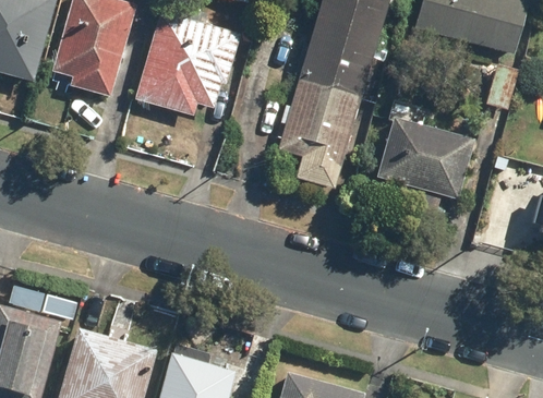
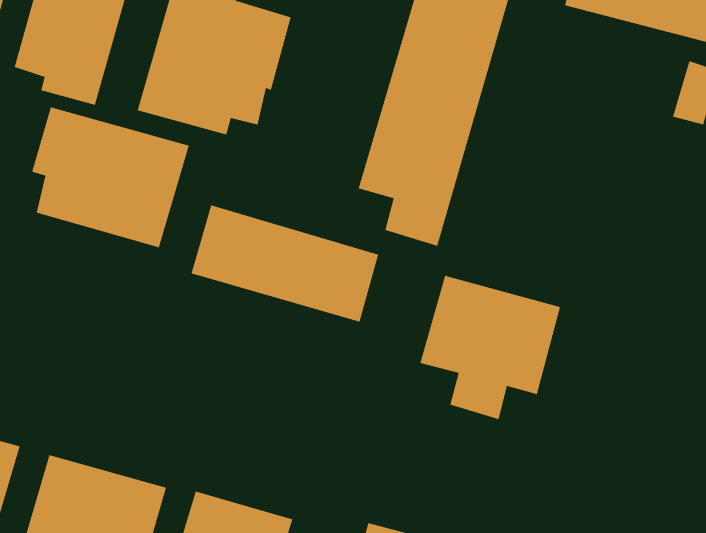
building: none -> [31,106,190,248]
building: [381,121,473,216] -> [420,275,561,420]
building: none -> [191,205,379,322]

